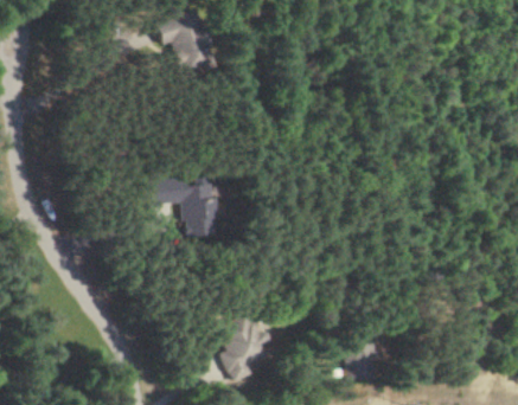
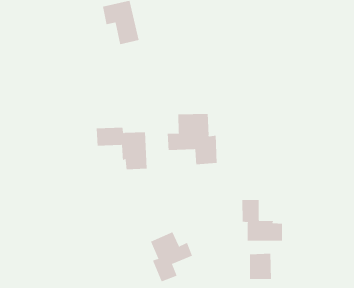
building: none -> [167,113,217,165]
building: none -> [242,199,282,241]

